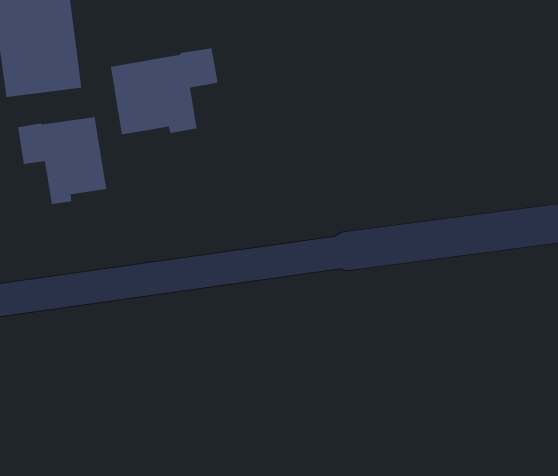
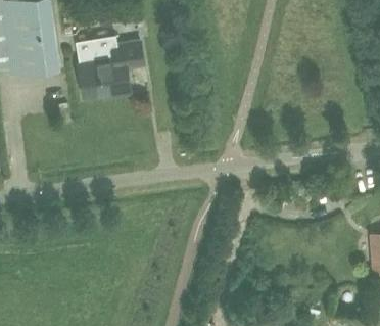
building: [17,115,107,205] -> none

